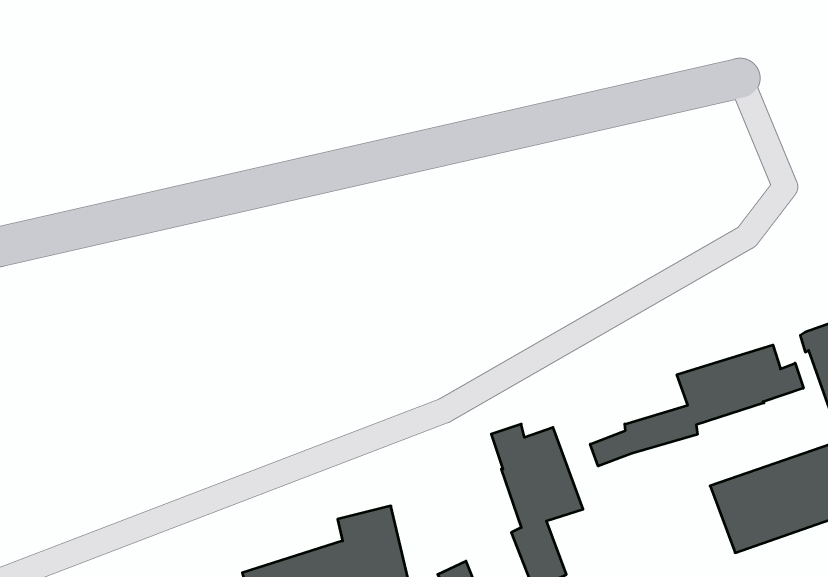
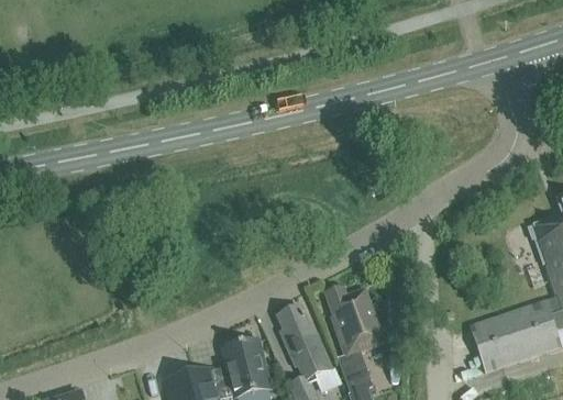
building: [590,345,803,466] -> none
building: none -> [276,304,332,376]

